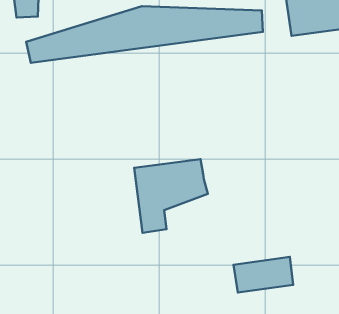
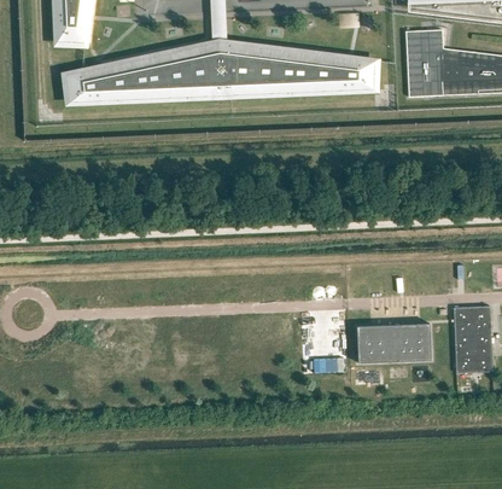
building: [134,159,208,233] -> none
building: [234,257,293,293] -> [357,324,432,363]

